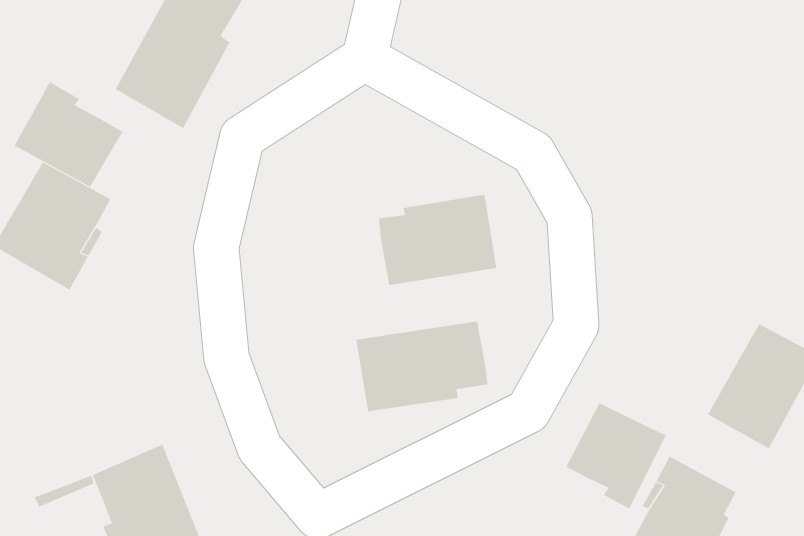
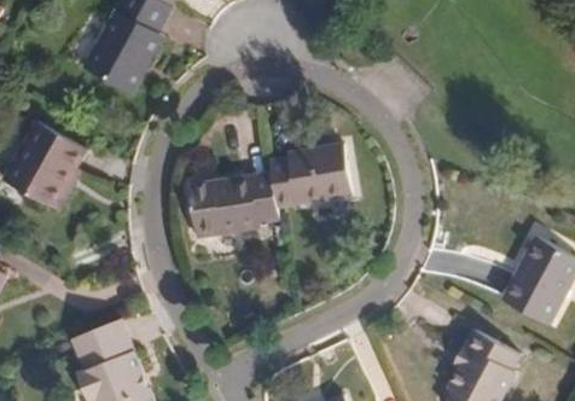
building: [14,81,123,187] -> none
building: [355,321,488,412] -> [185,173,278,237]
building: [565,403,667,509] -> none

